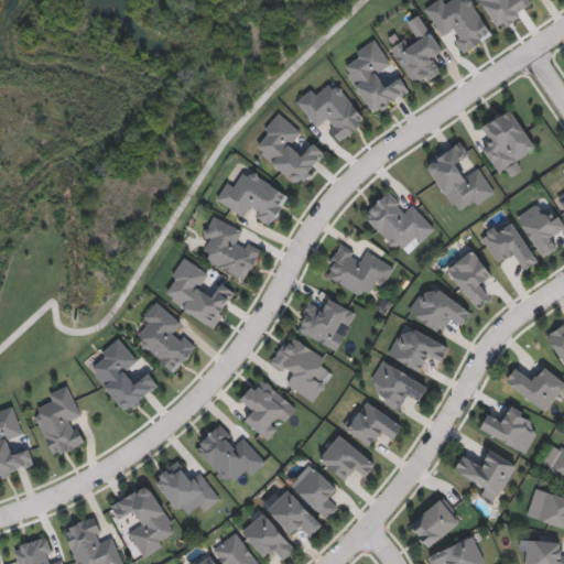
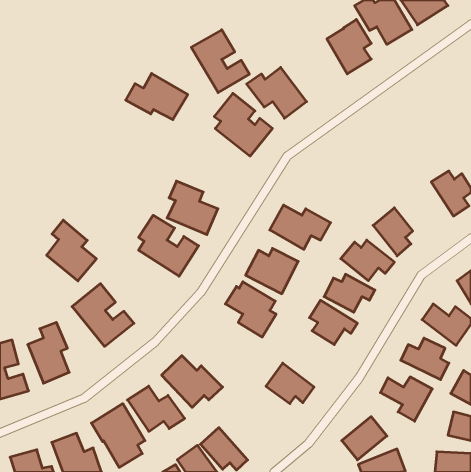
building: [339,39,409,113] -> [191,30,249,93]
building: [479,107,533,175] -> none
building: [424,140,494,215] -> none
building: [215,169,289,224] -> [126,73,188,120]
building: [361,192,431,254] -> none
building: [479,217,536,272] -> none
building: [135,301,195,373] -> [47,220,96,281]
building: [238,376,296,441] -> none
building: [343,399,401,447] -> none
building: [291,465,339,519] -> none
building: [262,485,322,538] -> none

